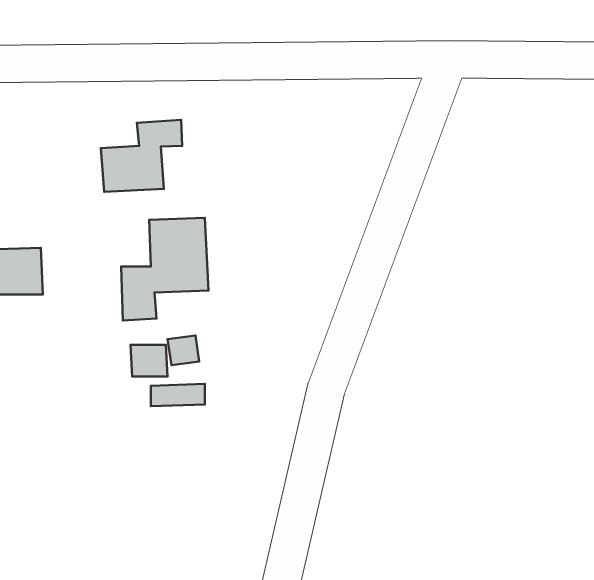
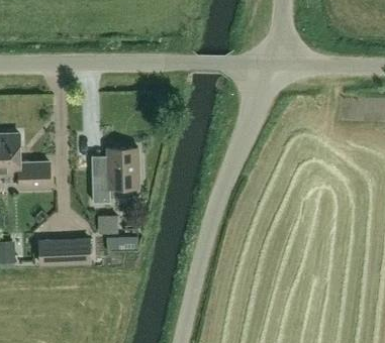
building: [101,120,182,192] -> none
building: none -> [37,239,88,265]

